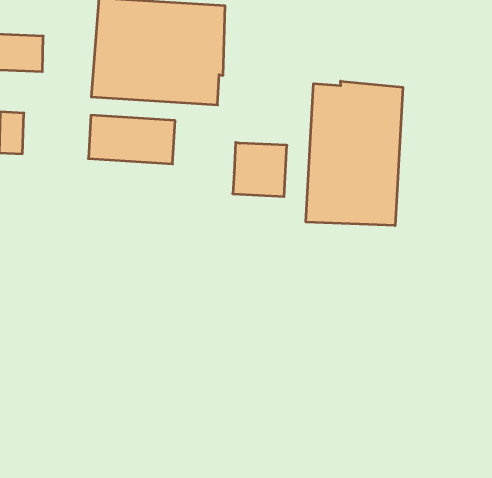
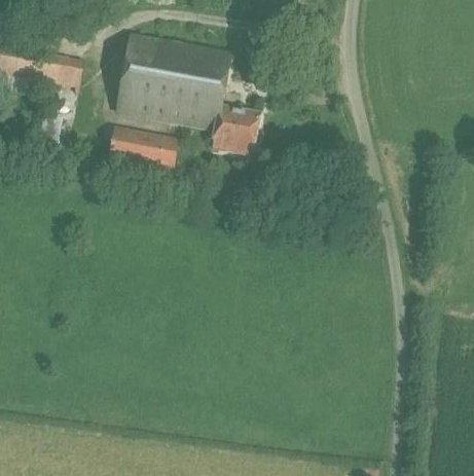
building: [306,81,403,226] -> none
building: [233,142,287,197] -> [211,106,258,153]

